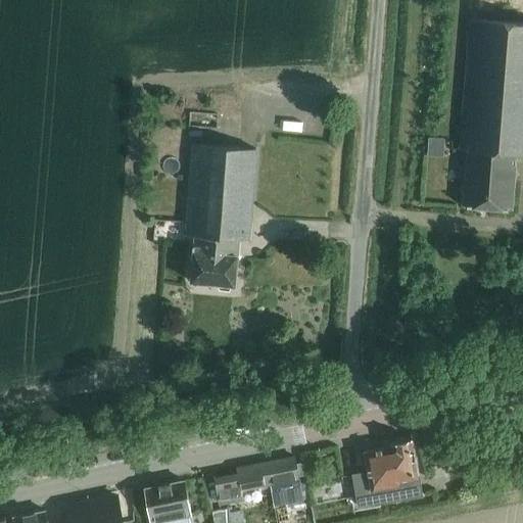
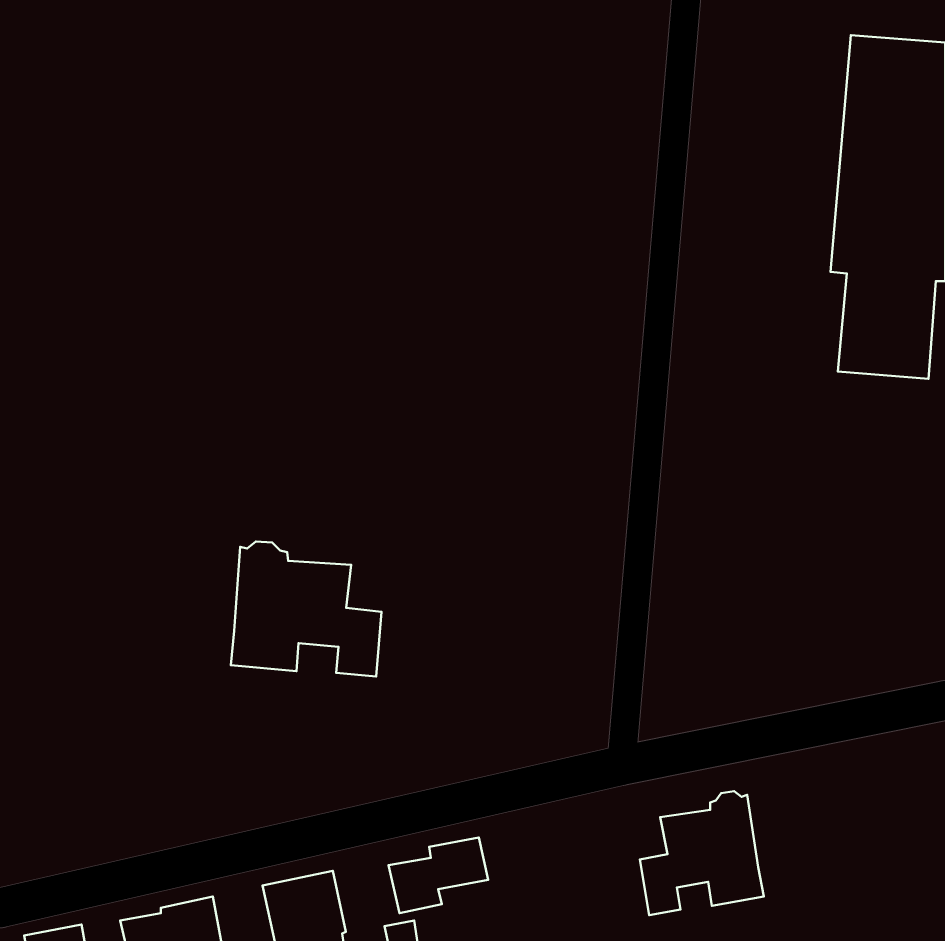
building: [186,146,256,291] -> none
building: none -> [231,542,382,676]
building: [265,459,305,506] -> none

